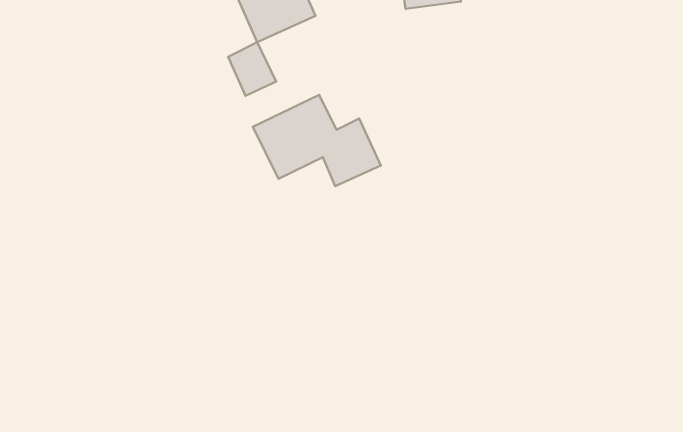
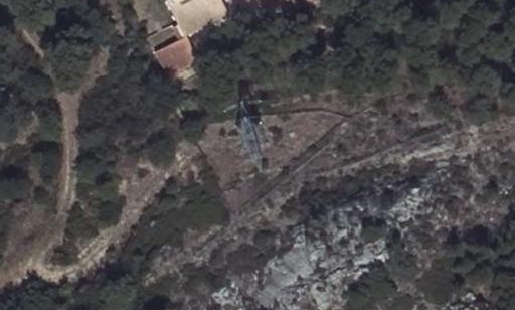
building: [253,95,381,186] -> none

